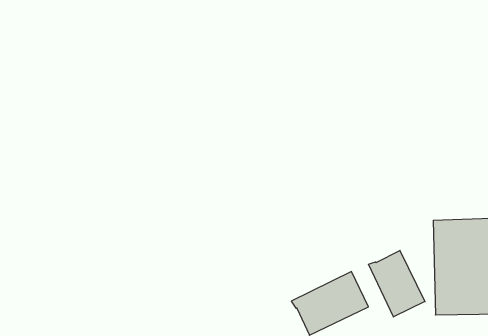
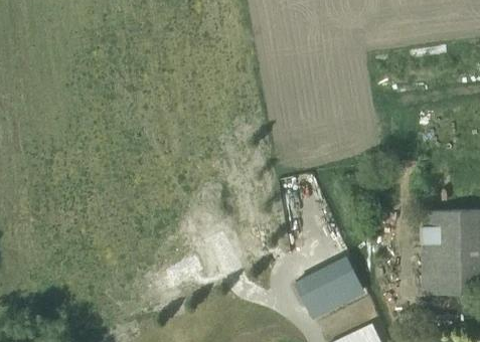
building: [368,250,425,317] -> none

